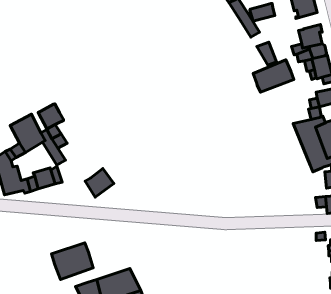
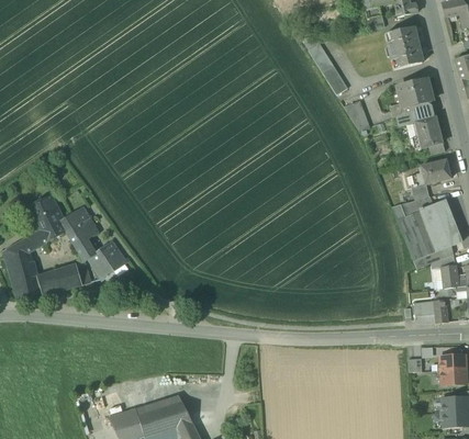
building: [250,3,275,21] -> none
building: [253,60,294,92] -> none
building: [38,104,64,129] -> none
building: [85,168,114,197] -> [89,240,126,278]
building: [51,243,93,280] -> none

